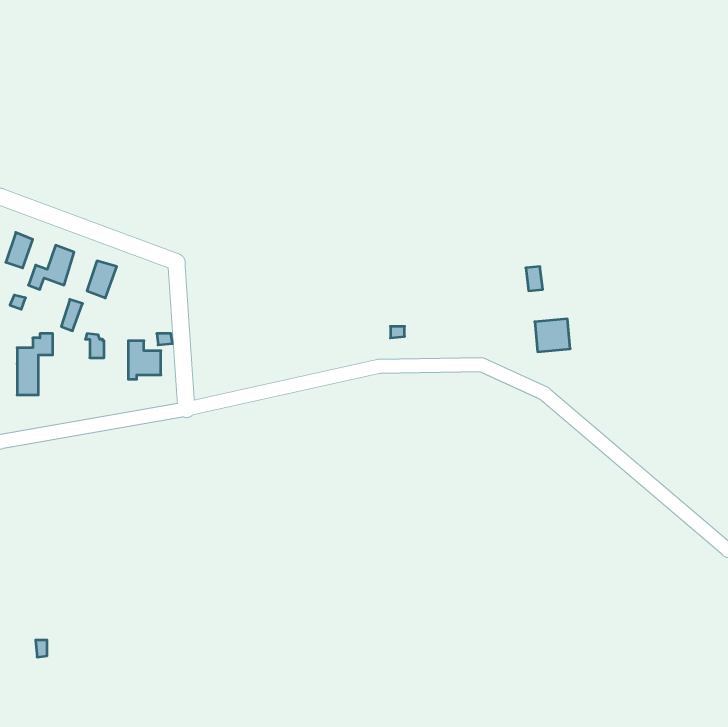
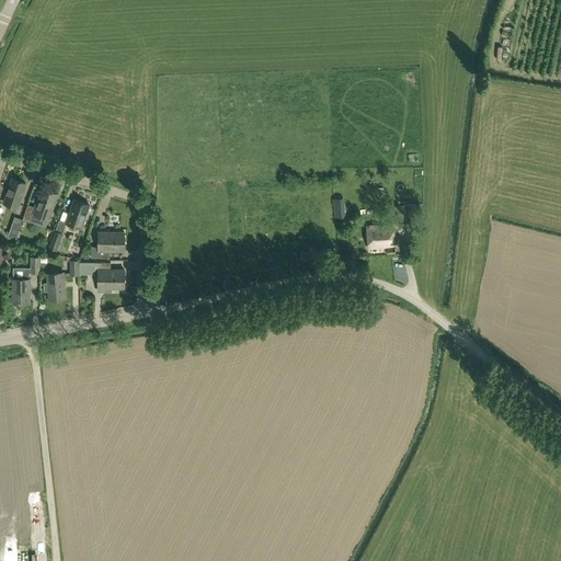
building: none -> [91,233,125,260]
building: [535,319,570,352] -> [367,225,394,250]
building: none -> [43,274,66,301]

